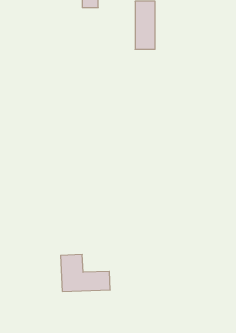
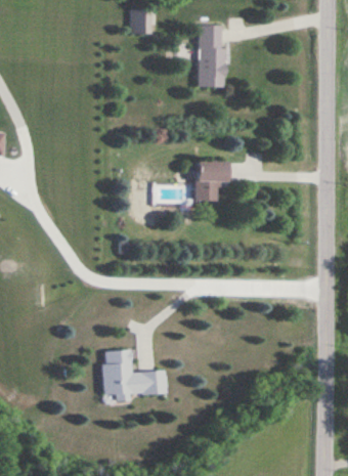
building: none -> [195,161,229,201]

